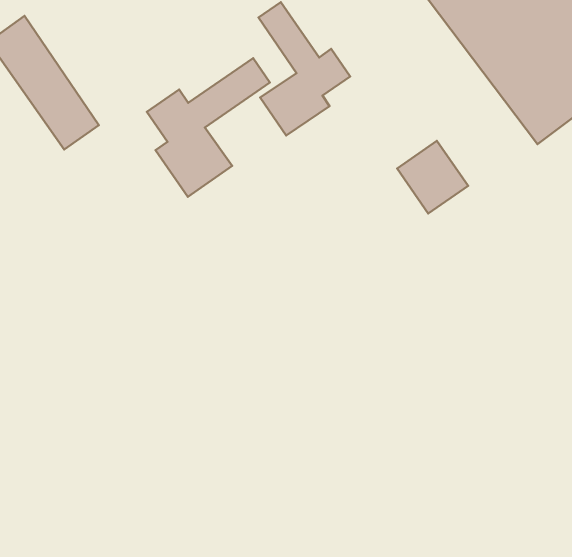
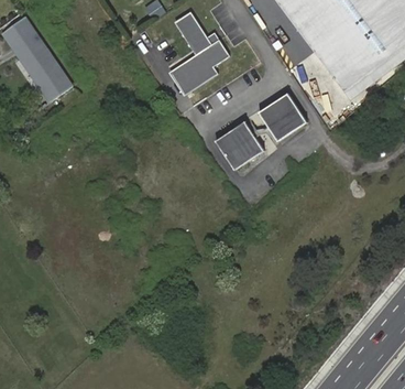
building: [147,58,270,197] -> none
building: none -> [218,122,267,171]

